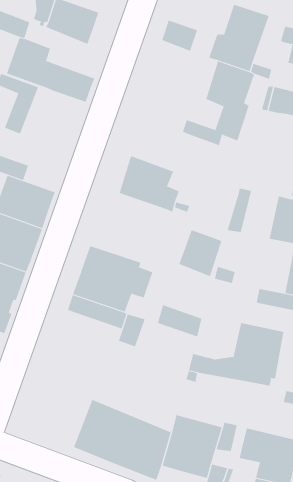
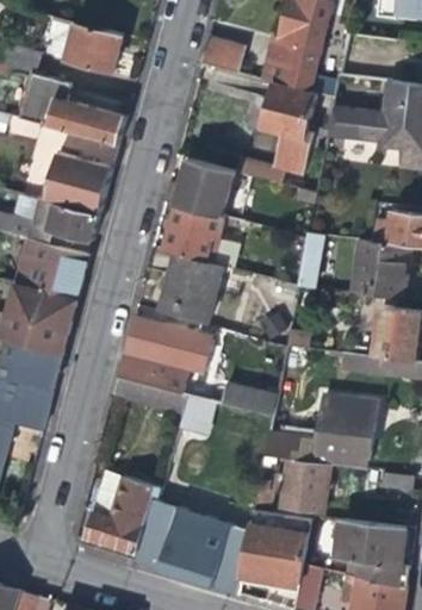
building: none -> [44,148,110,205]
building: none -> [163,157,238,218]
building: none -> [31,198,99,241]
building: none -> [159,253,224,324]
building: none -> [255,460,333,513]
building: none -> [85,478,162,553]

